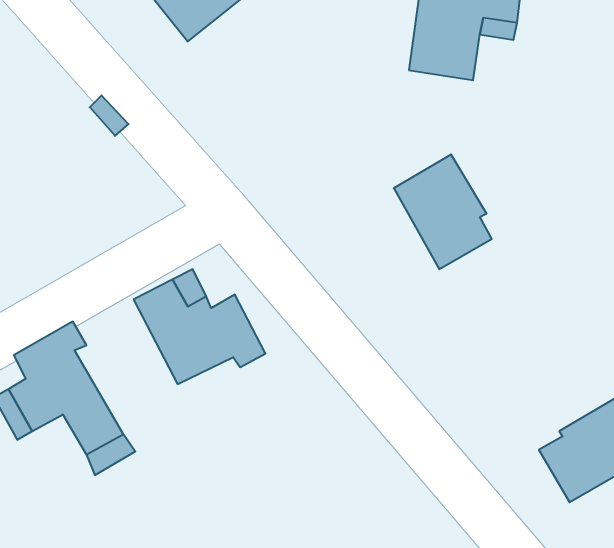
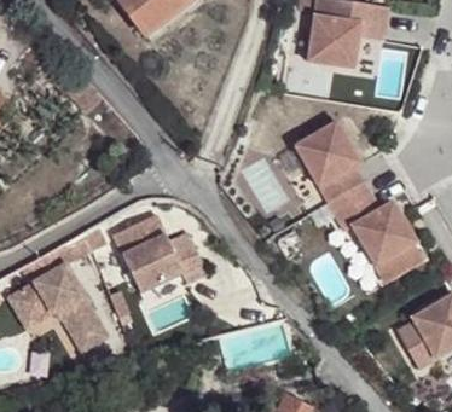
building: none -> [326,181,423,283]

